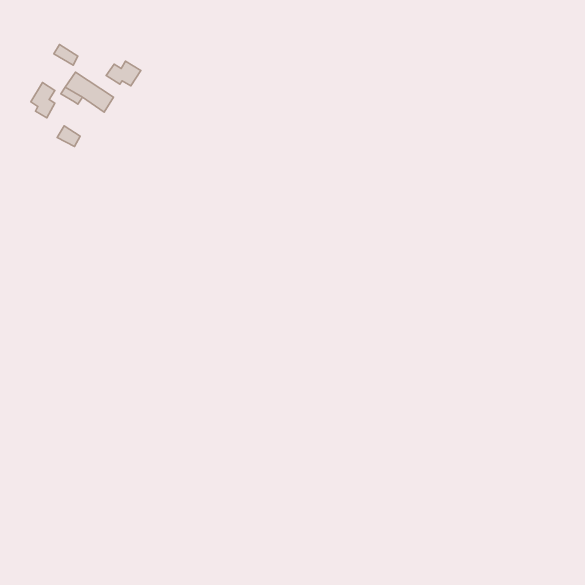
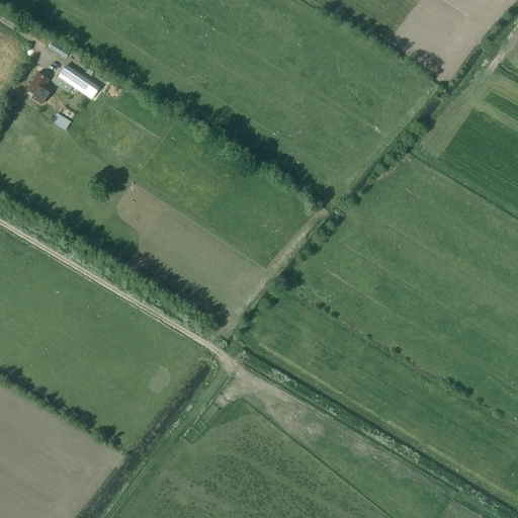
building: [106,61,141,86] -> none

